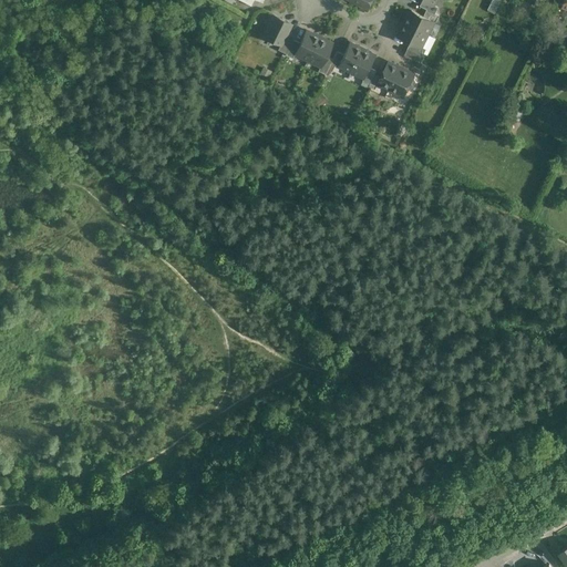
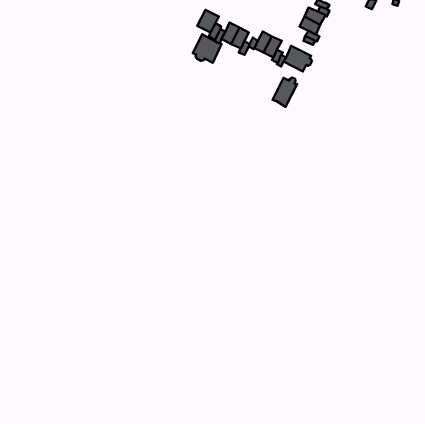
building: none -> [193,34,221,63]
building: none -> [273,77,297,107]

